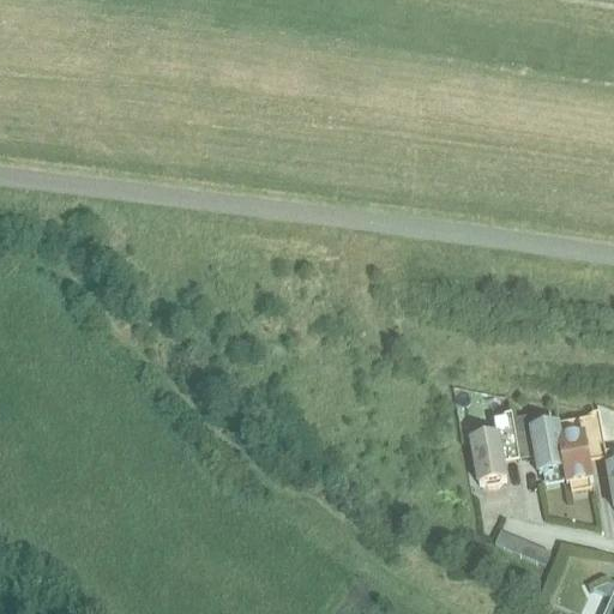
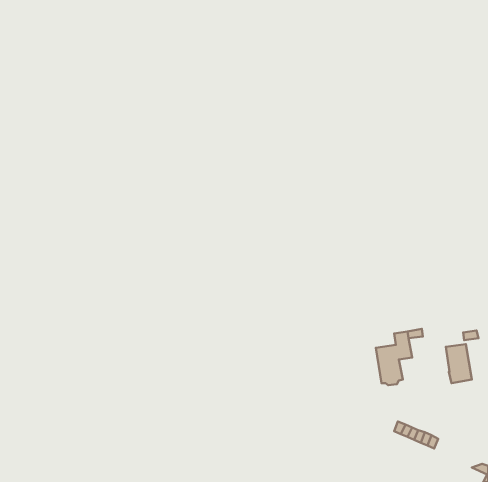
building: [529,421,562,469] -> none

